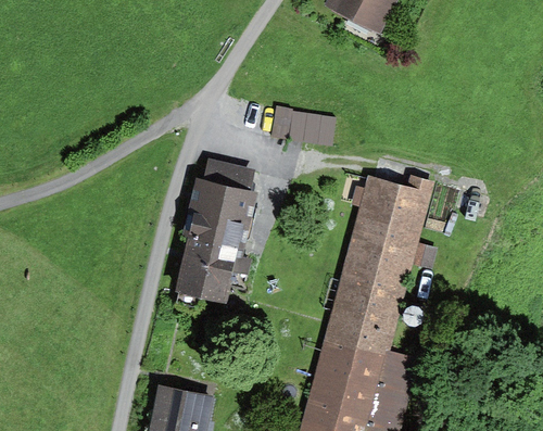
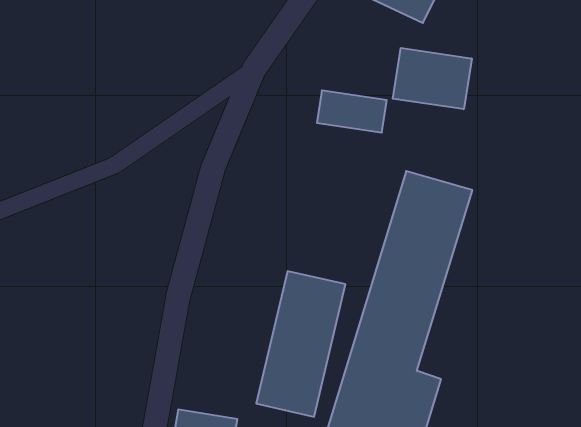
building: none -> [393,48,472,109]
building: [180,169,261,301] -> [256,271,345,417]

